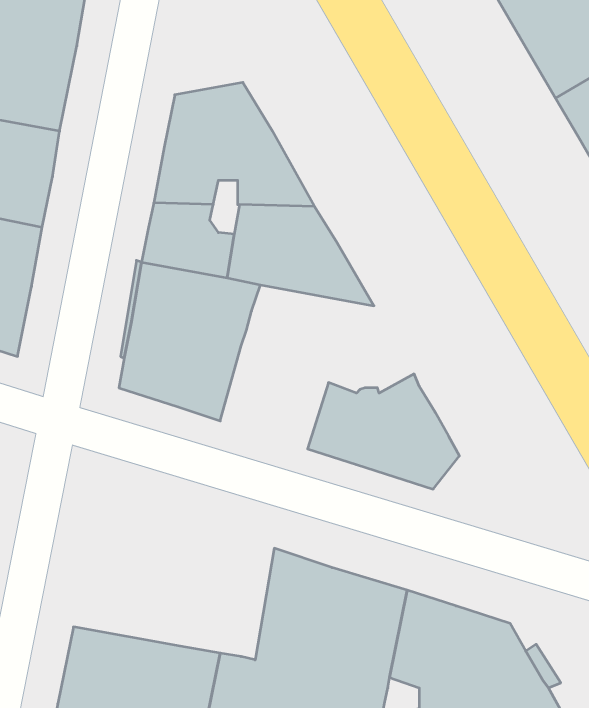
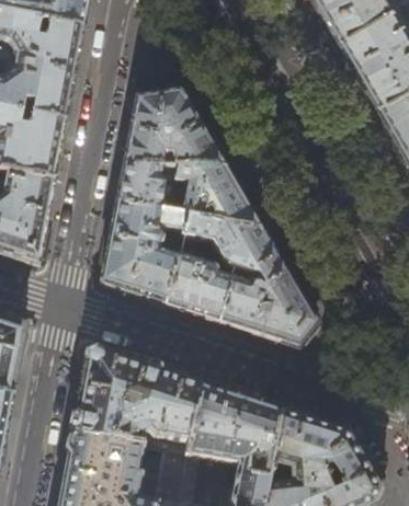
building: none -> [181,218,286,286]
building: none -> [164,256,232,321]
building: none -> [72,349,198,453]

